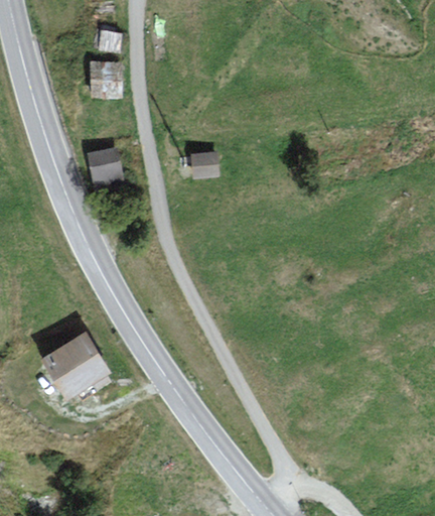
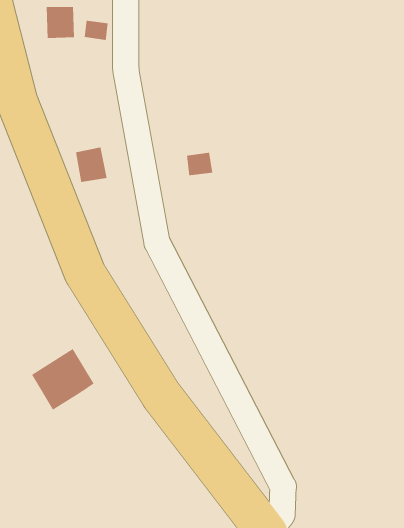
building: [92,62,119,93] -> [46,6,75,39]

